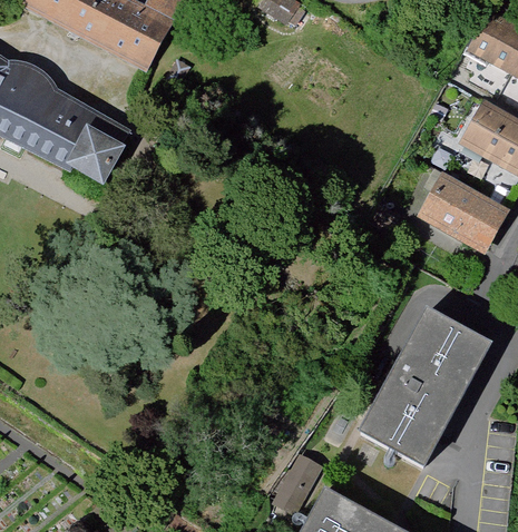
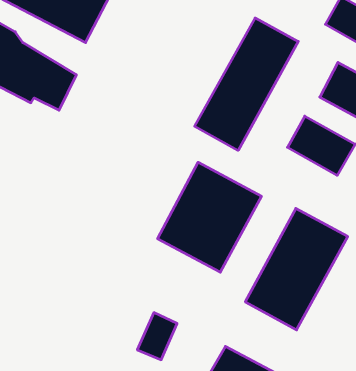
building: none -> [195,18,298,150]
building: none -> [158,162,261,272]
building: [270,450,323,513] -> [137,313,177,360]

